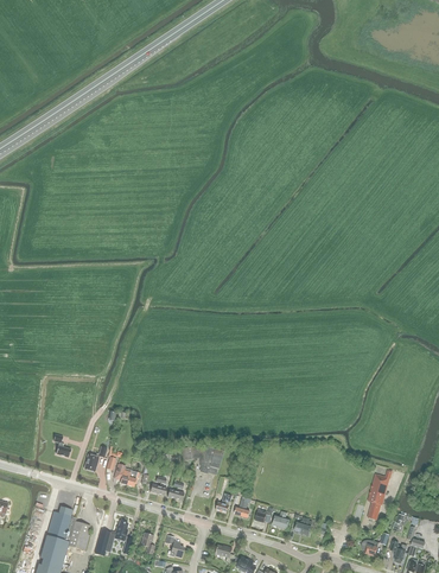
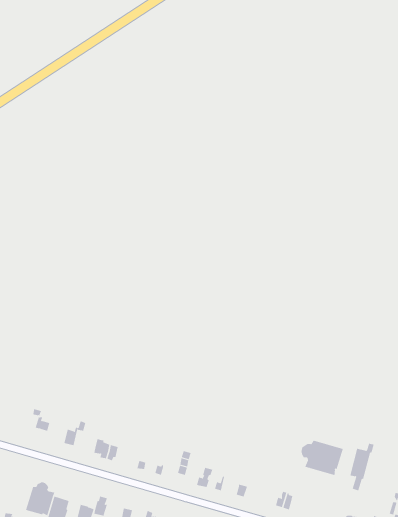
building: none -> [301,440,344,476]

